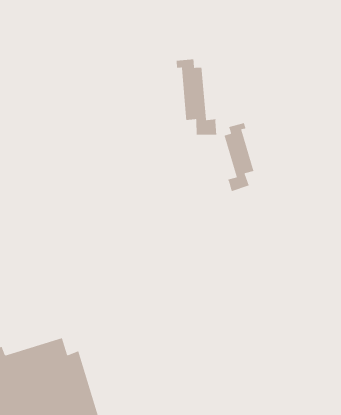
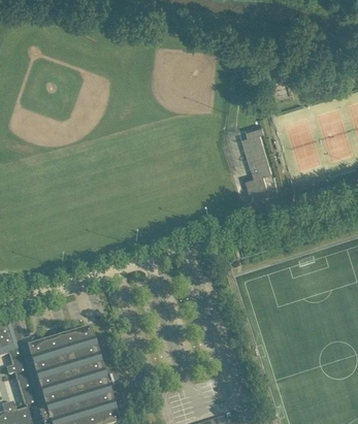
building: [176,59,217,136] -> none

